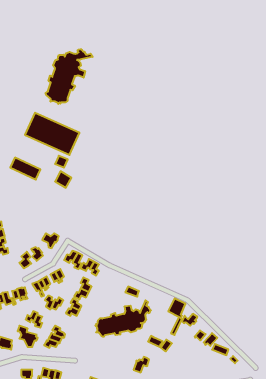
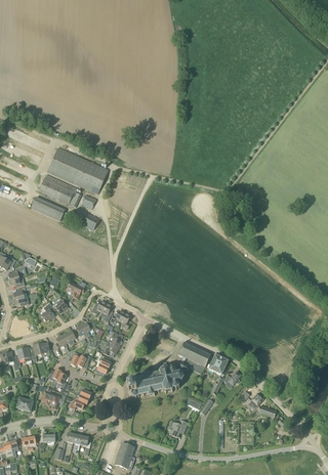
building: [46,49,93,104] -> none
building: none -> [38,174,81,207]
building: none -> [177,342,210,374]

